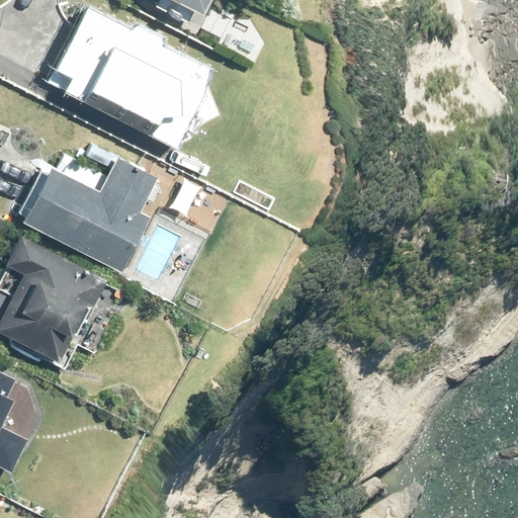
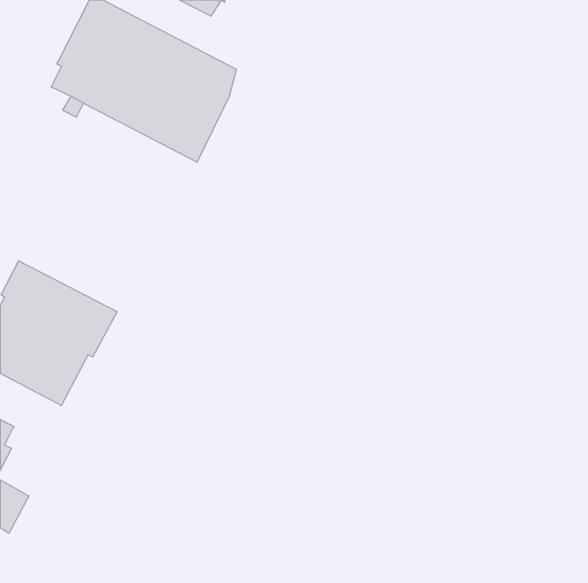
building: [21,156,158,272] -> none

